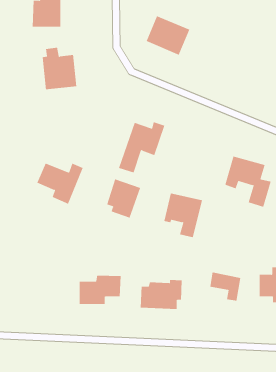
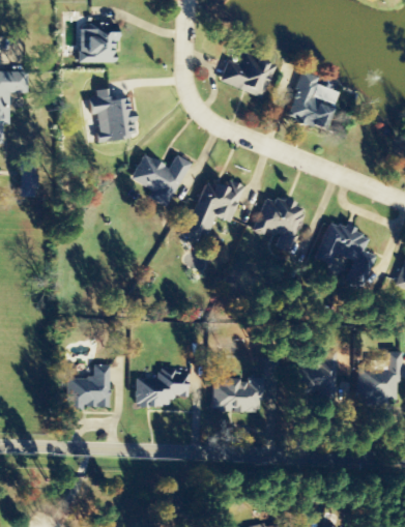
building: none -> [286,70,336,128]
building: [37,163,84,205] -> [131,154,189,206]
building: [107,178,141,218] -> none
building: [163,193,203,238] -> [256,196,305,252]
building: none -> [66,364,110,408]

